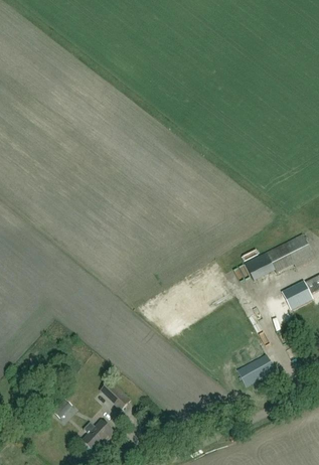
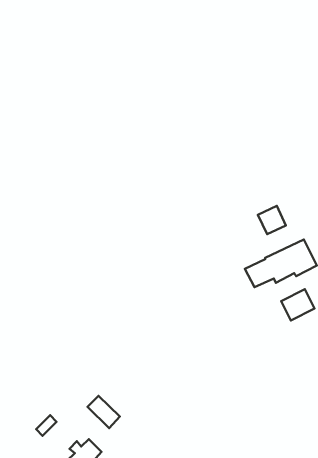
building: none -> [258,206,286,234]
building: [236,354,275,385] -> none

